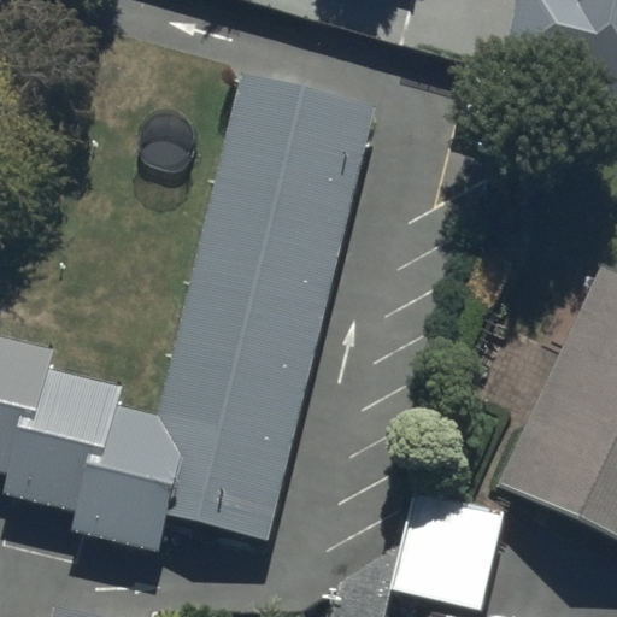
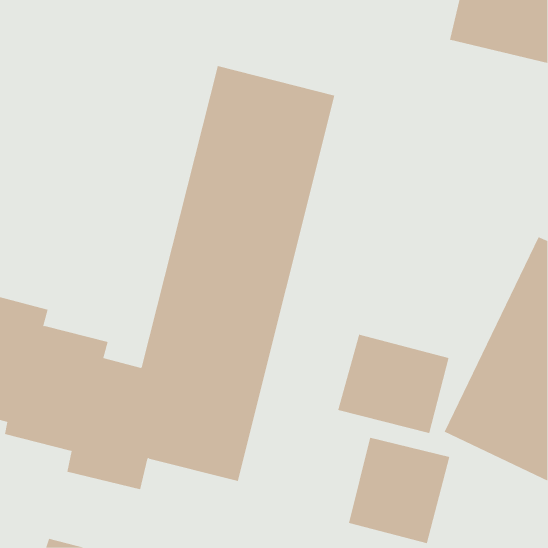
building: none -> [338,334,449,434]

